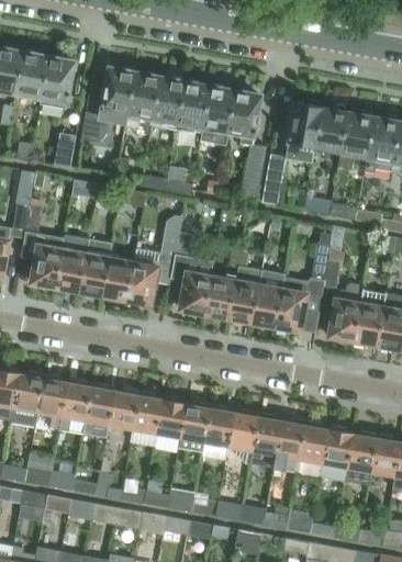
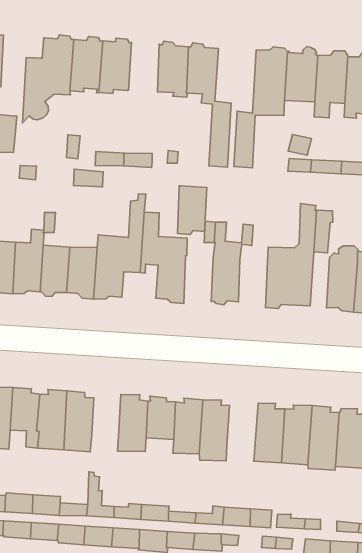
building: [176,80,210,132] -> none
building: [204,276,235,319] -> [177,186,207,234]
building: [253,284,282,329] -> none
building: [110,387,139,427] -> none
building: [227,409,258,463] -> none

